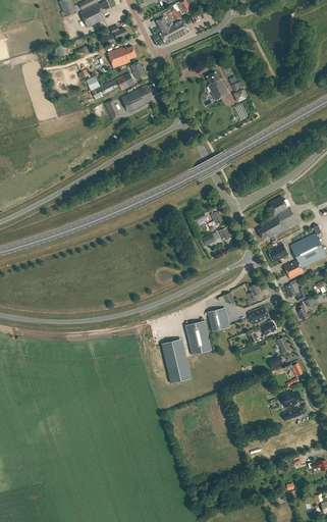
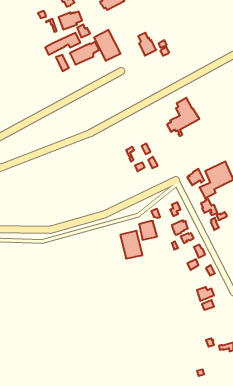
building: none -> [94,30,120,61]
building: [257,195,297,243] -> [167,98,199,136]
building: [163,338,193,383] -> none

